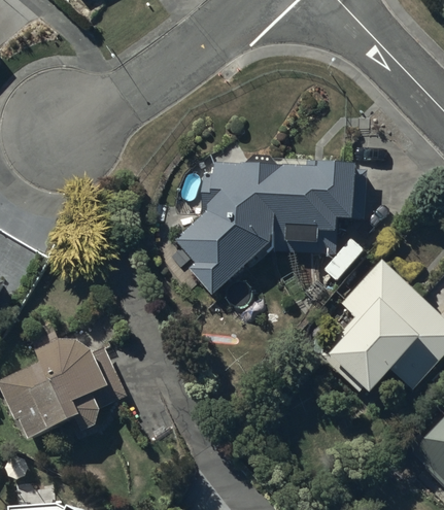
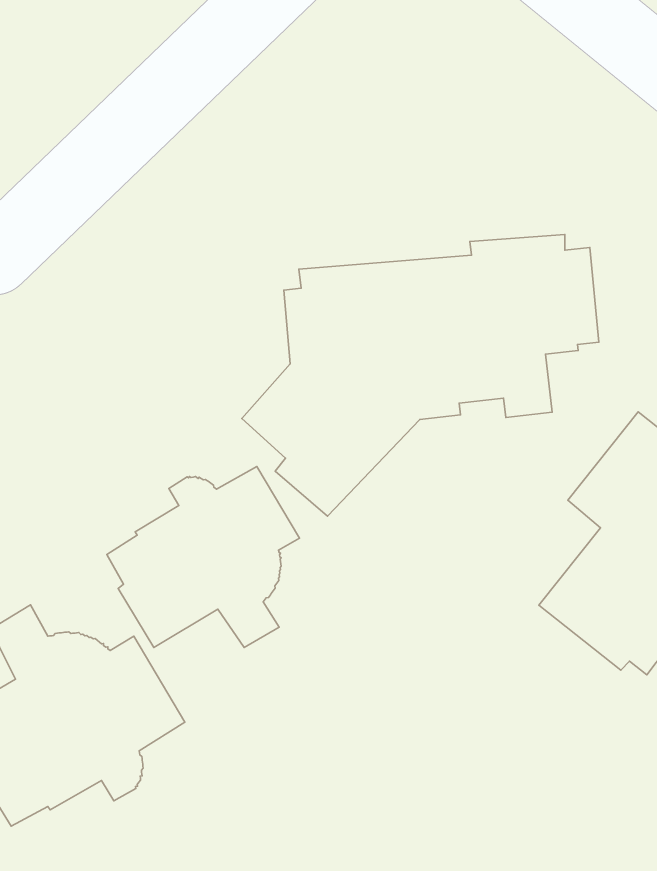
building: none -> [107,467,299,648]

